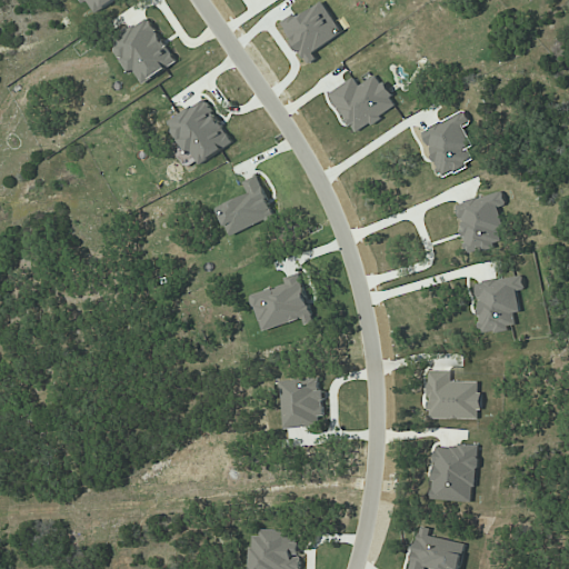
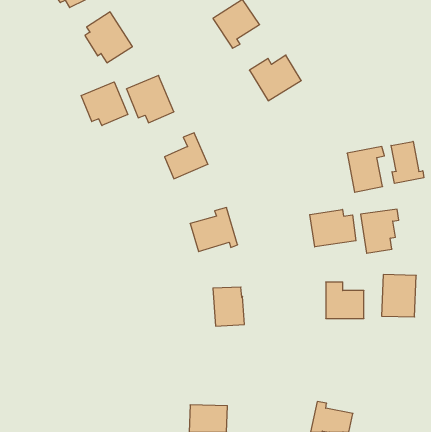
building: none -> [81,82,128,126]
building: [419,110,471,177] -> none
building: none -> [391,141,424,183]
building: none -> [310,209,356,247]
building: [429,445,475,500] -> [382,275,416,317]

